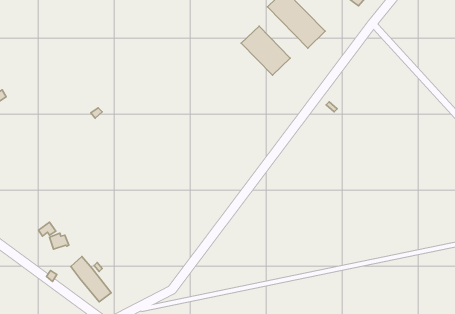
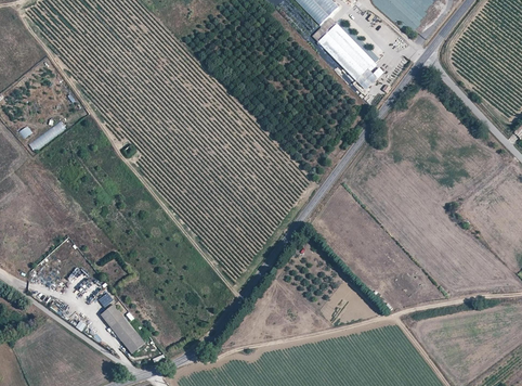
building: [241,26,290,75] -> none

